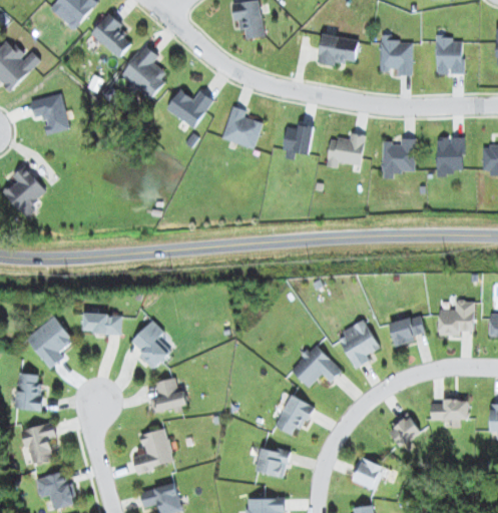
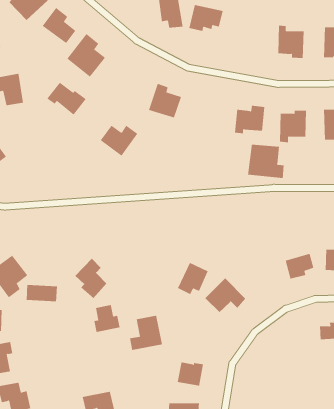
building: [317,33,360,66] -> [188,4,224,31]
building: [166,89,213,128] -> [100,125,138,157]
building: none -> [47,82,87,115]
building: [284,124,312,153] -> none
building: none -> [248,144,284,179]
building: [83,313,122,334] -> [26,285,58,302]
building: [339,322,379,369] -> none
building: [276,394,314,434] -> [177,262,208,295]
building: [388,414,421,446] -> none
building: [133,428,174,471] -> [129,315,163,350]
building: [353,458,384,489] -> none

